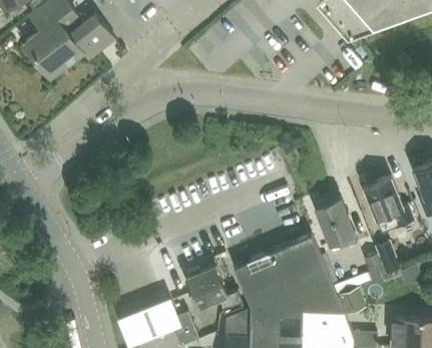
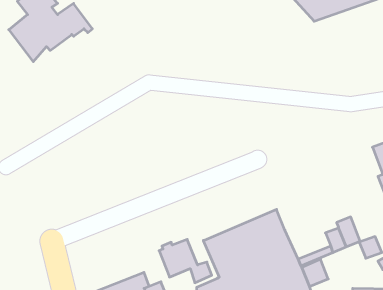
building: [364,177,414,232] -> none
building: [314,197,356,248] -> none

